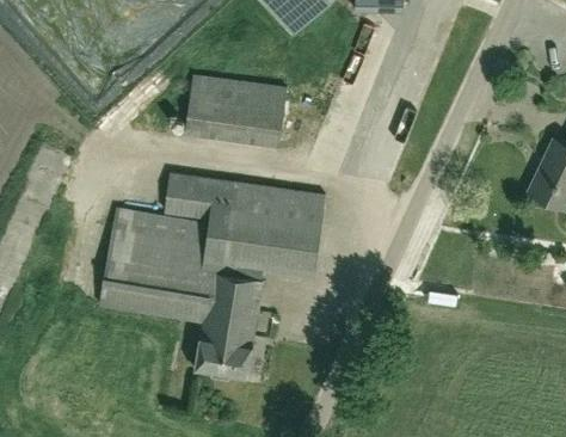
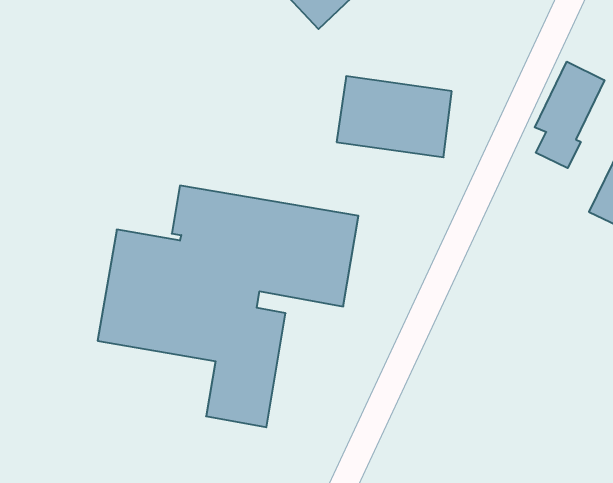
building: none -> [535,62,604,168]
building: [185,75,285,146] -> [337,76,452,157]

